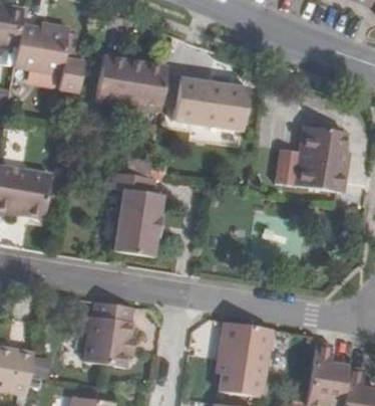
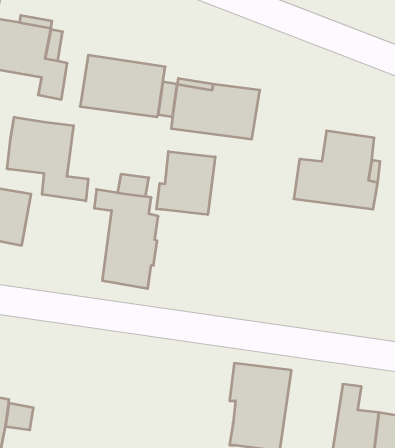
building: none -> [7,117,88,201]
building: none -> [156,151,215,215]
building: [82,301,130,369] -> none

